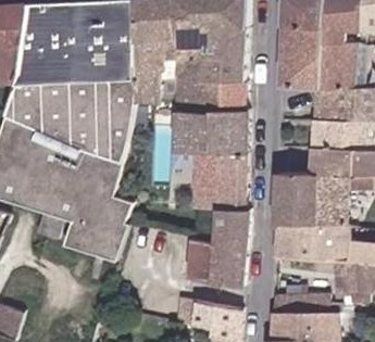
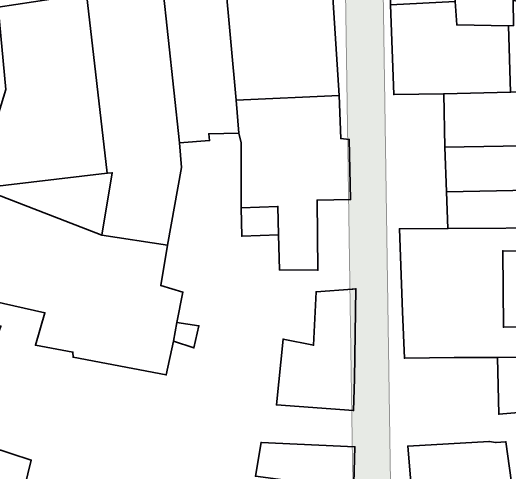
building: [197,149,247,208] -> none
building: [272,286,325,315] -> none

